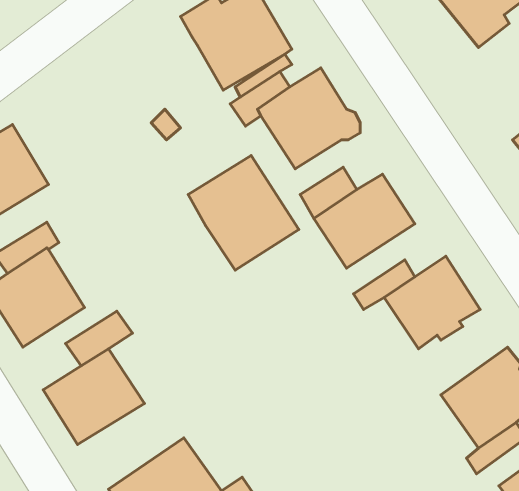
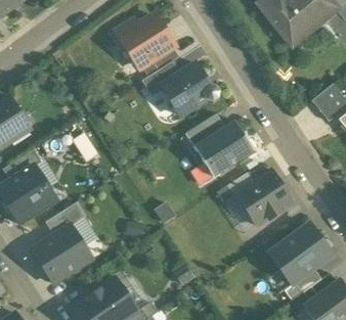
building: [188,155,299,270] -> none

